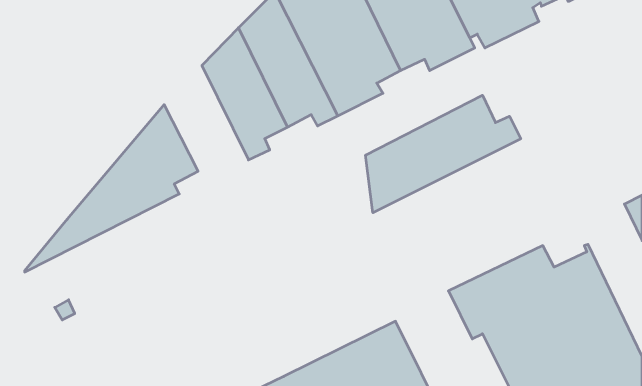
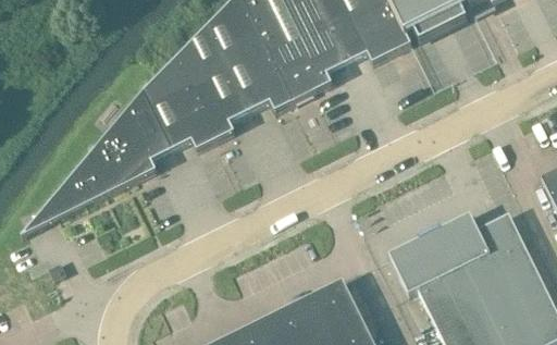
building: none -> [143,58,215,149]
building: [366,95,521,213] -> none

